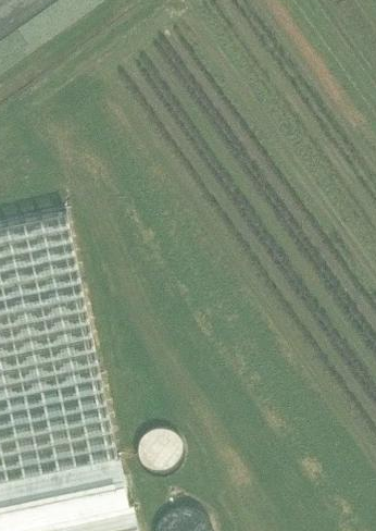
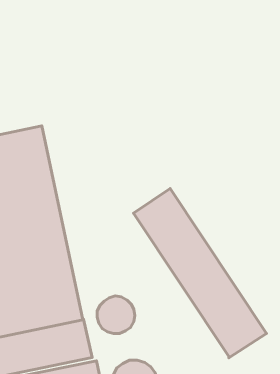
building: none -> [134,189,266,358]

